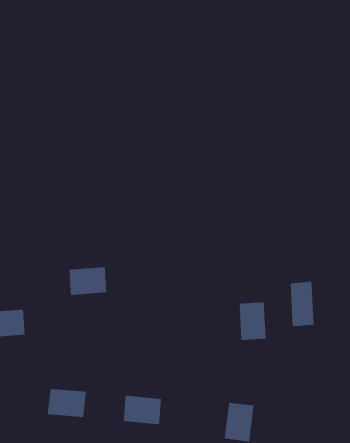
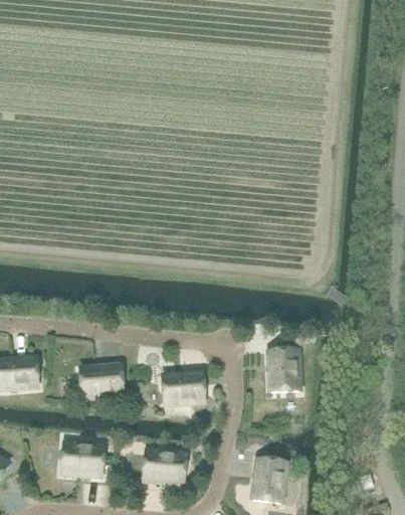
building: [68,267,107,295] -> [80,364,123,395]
building: [290,281,314,327] -> none
building: none -> [163,372,205,403]

